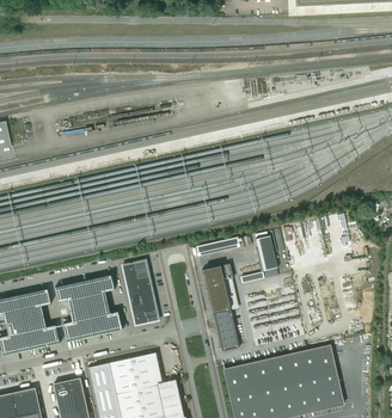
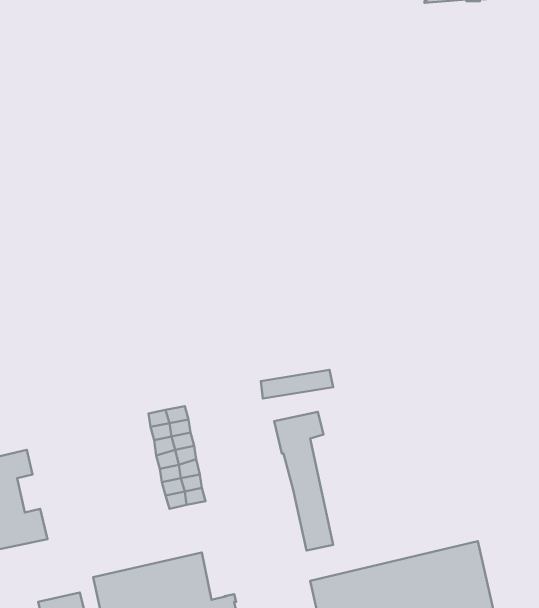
building: [255,235,276,271] -> none
building: [54,275,120,342] -> none

